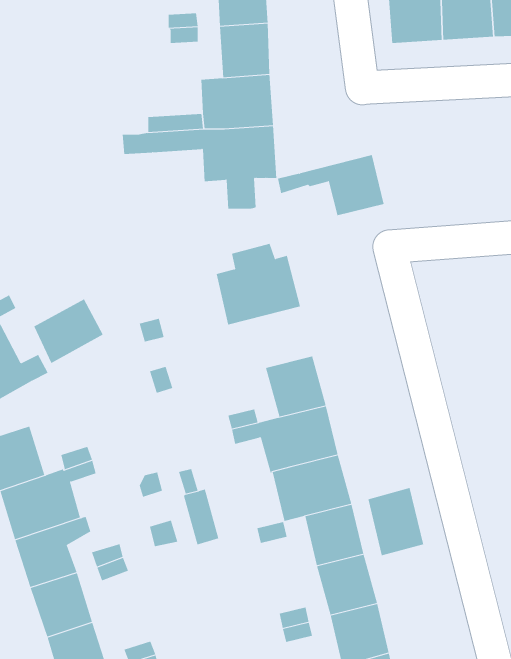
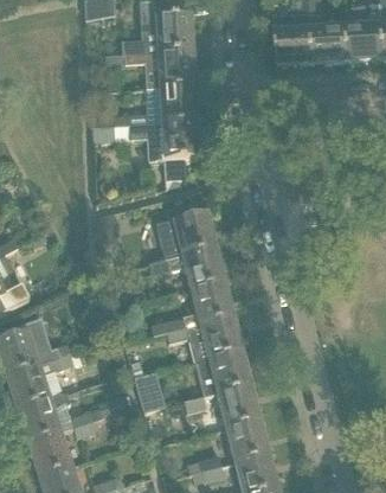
building: [277,155,385,216] -> [148,246,223,289]
building: [33,298,104,364] -> none
building: [368,487,424,556] -> none

